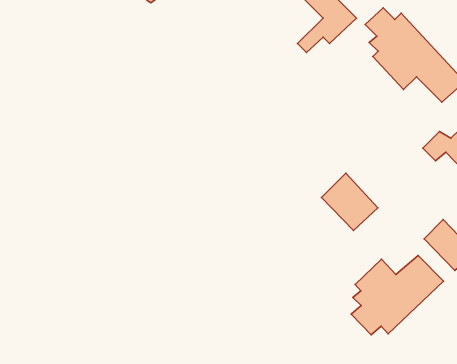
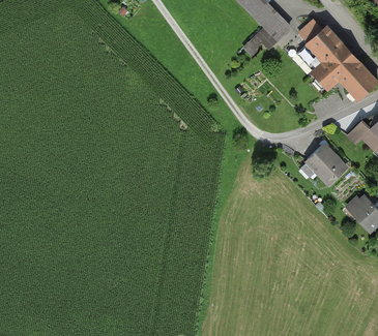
building: [322,173,378,231] -> [303,142,349,188]
building: [351,255,443,335] -> none

